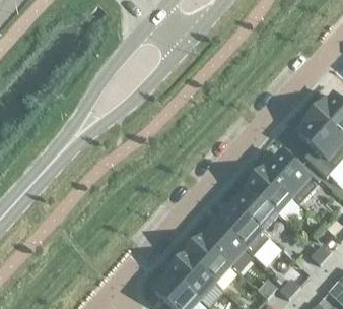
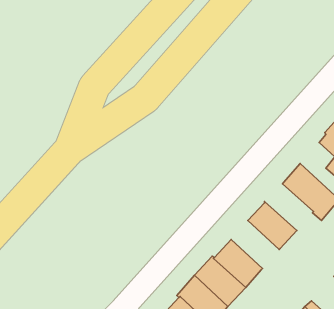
building: [246,166,292,211] -> none
building: [217,202,269,253] -> none

